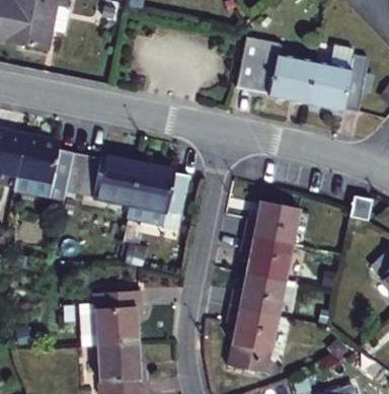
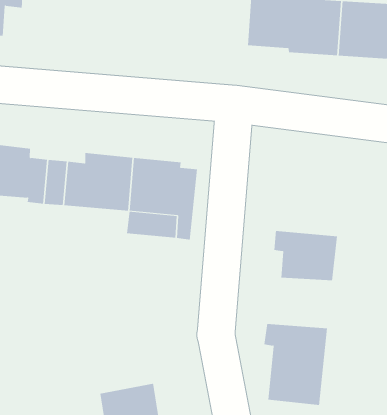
building: [245,199,302,244] -> none
building: [230,271,286,315] -> none
building: [90,290,140,345] -> none

